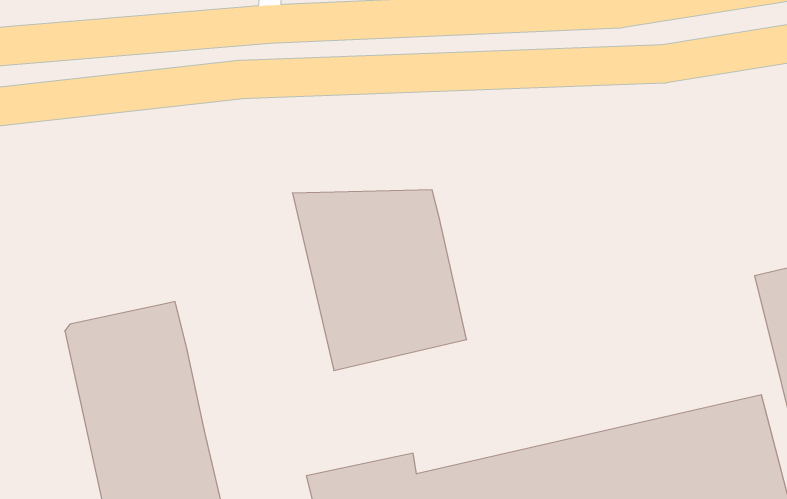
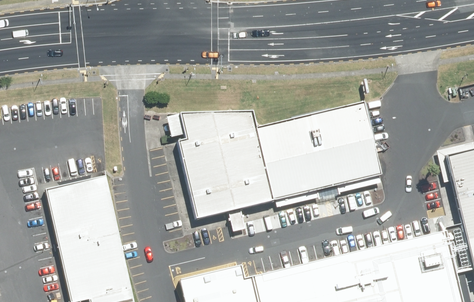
building: none -> [259,104,382,200]

